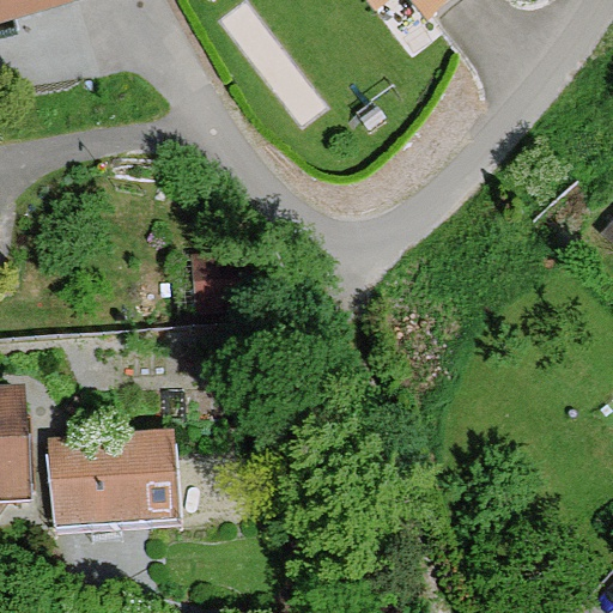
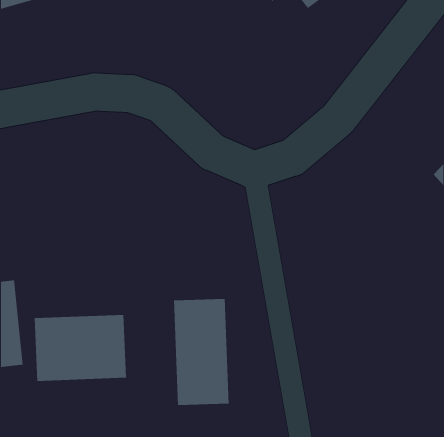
building: none -> [173,298,229,406]

